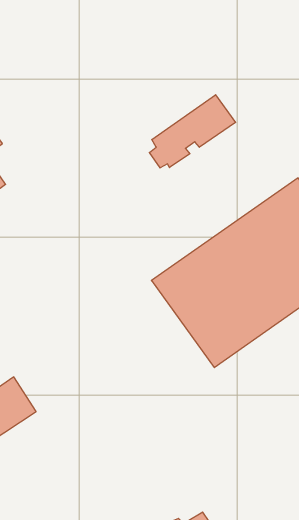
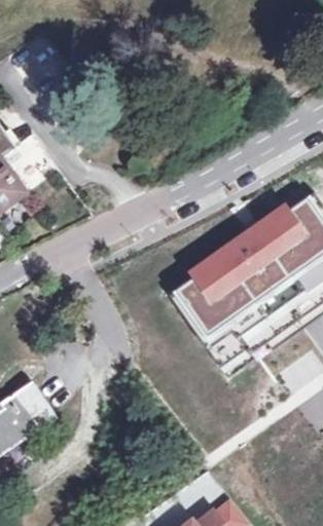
building: [149,95,236,168] -> none

